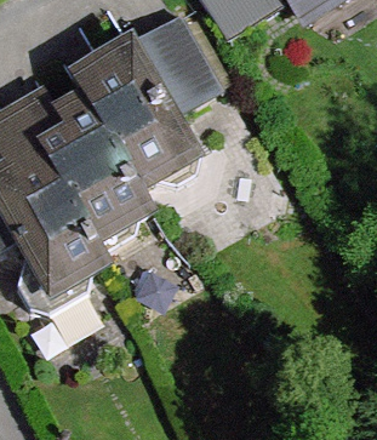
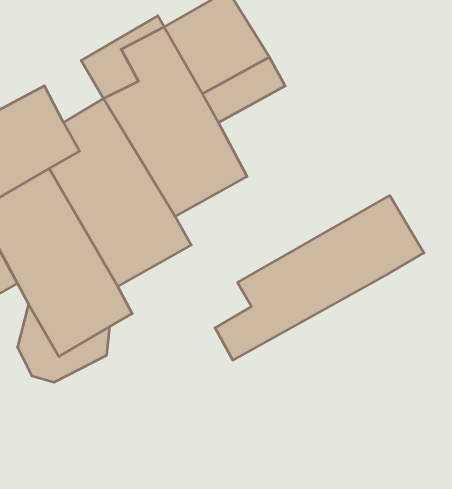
building: none -> [215,196,424,360]

